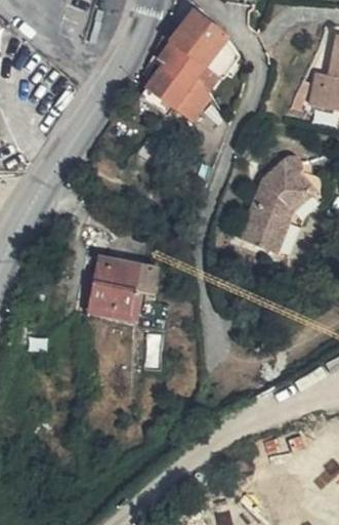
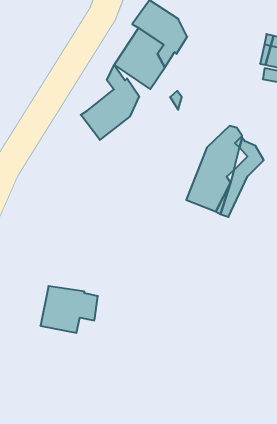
building: none -> [81,65,139,140]
building: [83,259,149,313] -> [40,286,98,333]

